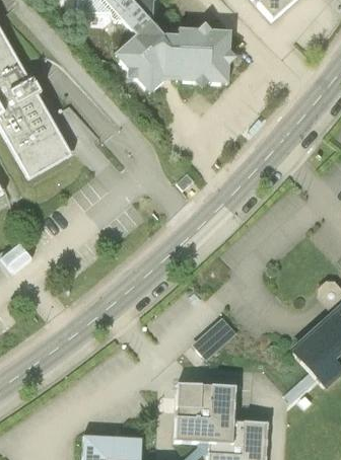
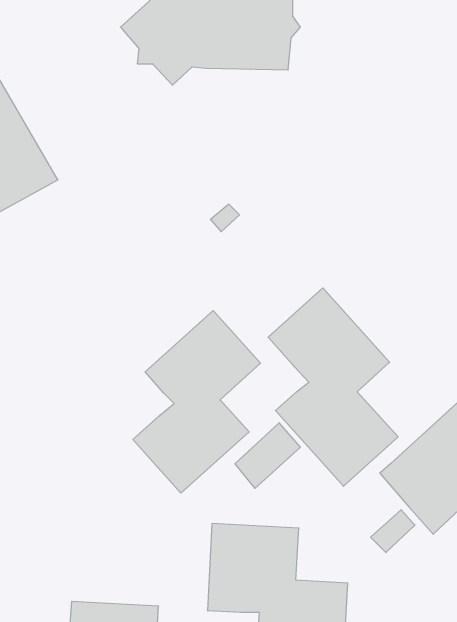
building: none -> [268,288,398,486]
building: none -> [133,311,260,493]

